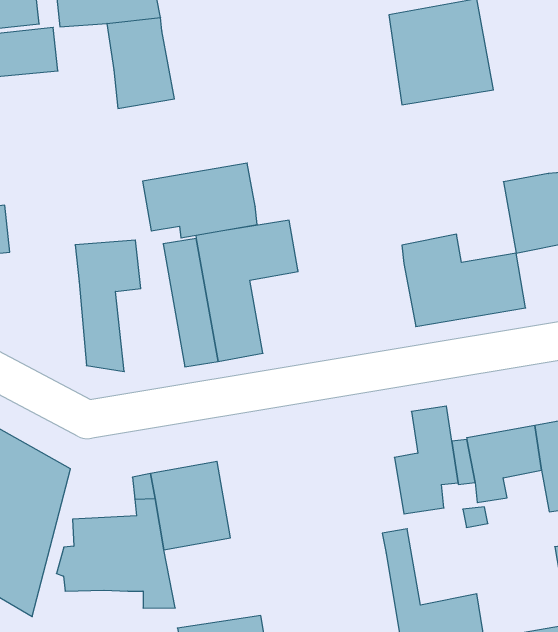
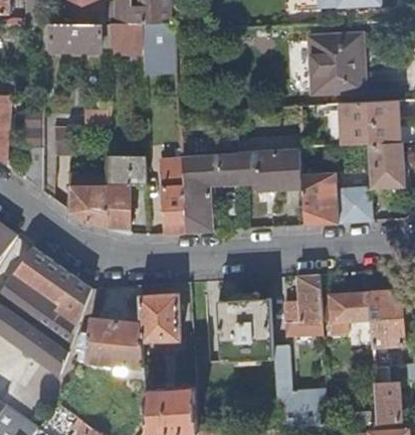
building: none -> [110,24,143,53]
building: none -> [340,101,398,146]
building: [143,163,257,238] -> [237,150,302,190]
building: none -> [69,175,109,228]
building: none -> [217,297,273,362]

